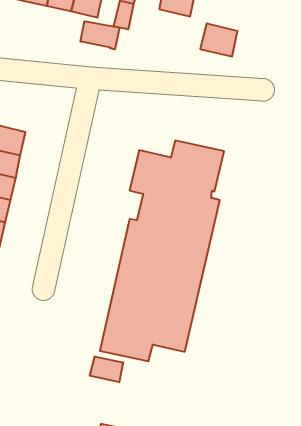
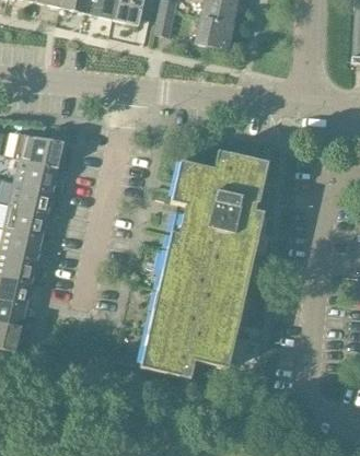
building: [80,21,120,49] -> none
building: [200,24,237,57] -> [195,15,233,49]
building: [90,356,123,382] -> none

